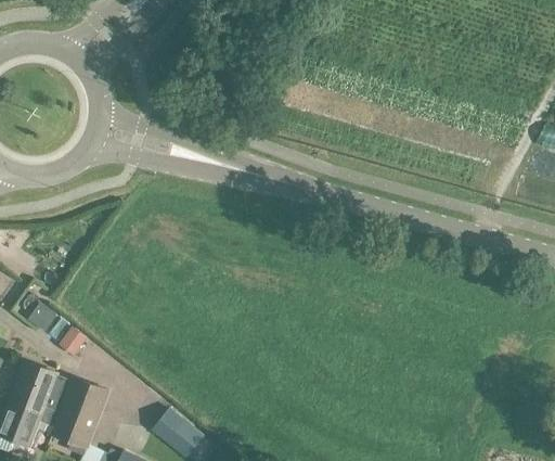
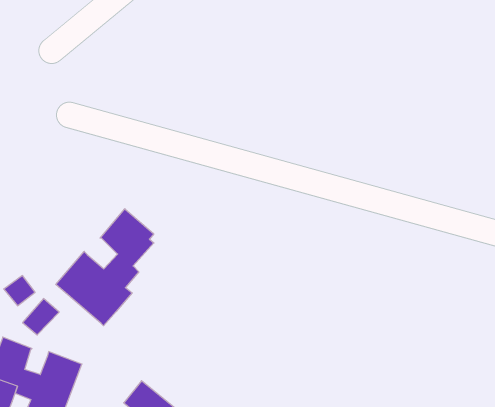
building: none -> [56,209,154,326]

